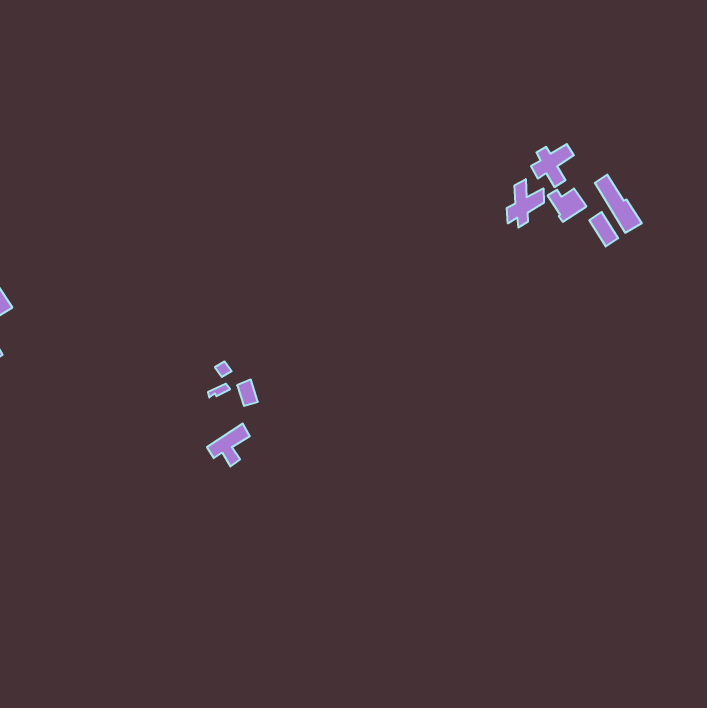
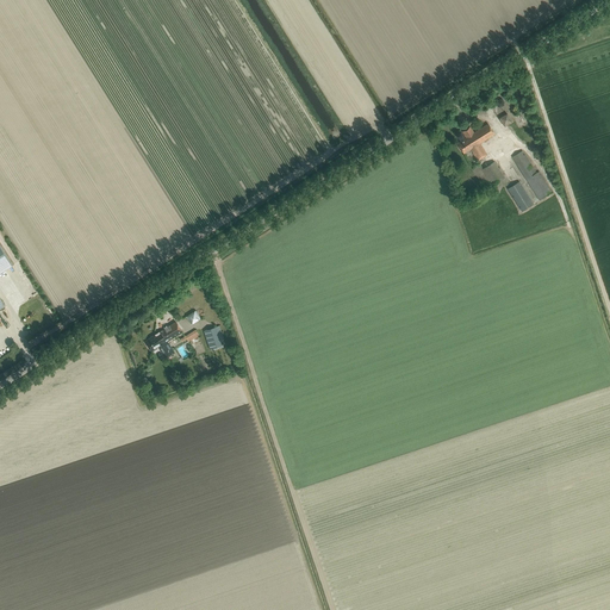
building: [507,179,544,228] -> none
building: [207,424,250,467] -> [144,322,181,359]

